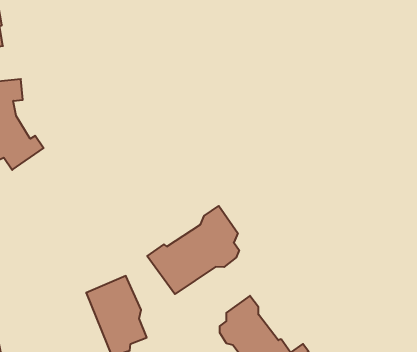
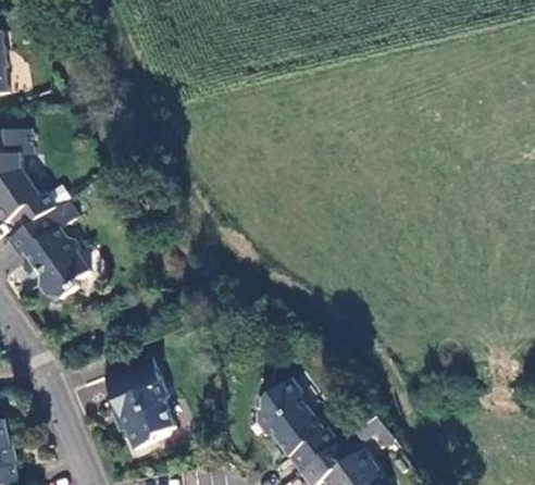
building: none -> [13,199,88,298]
building: [147,206,239,294] -> none

